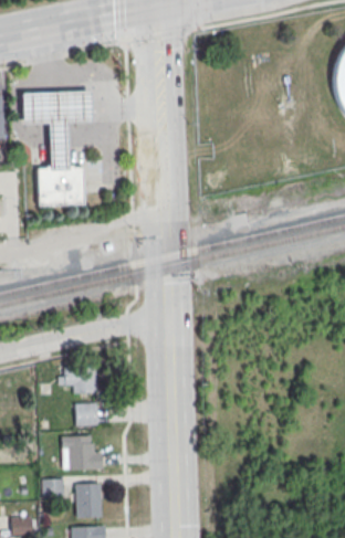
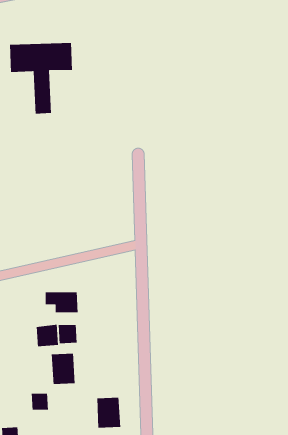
building: [36,165,84,205] -> none
building: none -> [36,324,59,347]
building: [75,483,103,518] -> [96,397,121,428]

